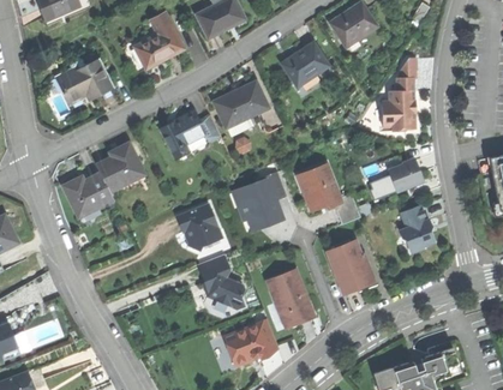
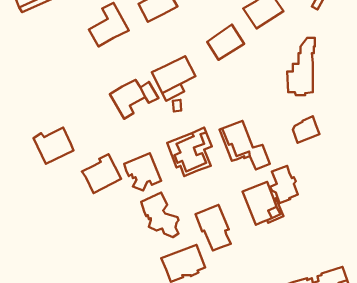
building: [59,58,114,106] -> none
building: [95,143,144,192] -> [82,154,121,193]
building: [399,205,433,252] -> [270,166,298,203]

